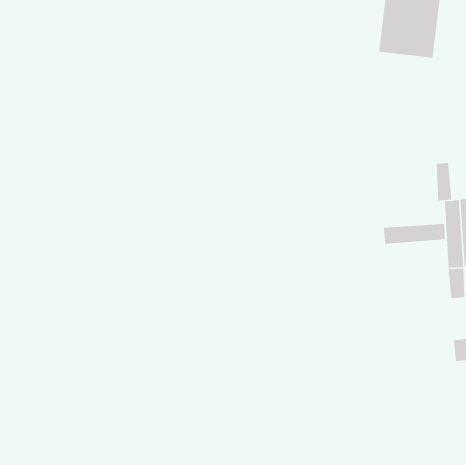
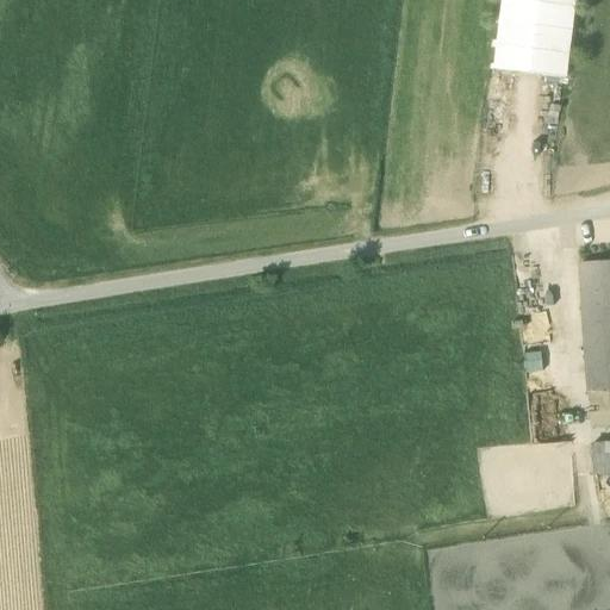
building: [436,162,452,201] -> none
building: [383,223,446,245] -> none

